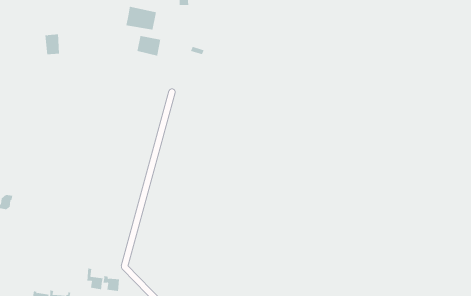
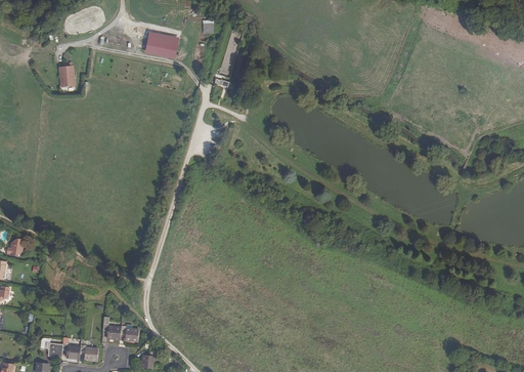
building: [137,35,161,56] -> none

